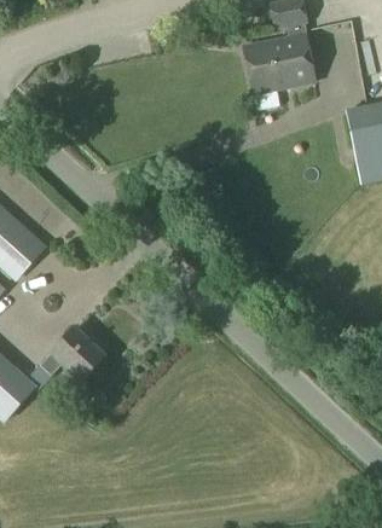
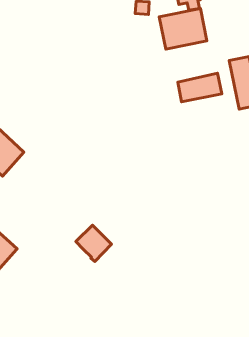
building: none -> [178,73,222,102]
building: [52,326,104,379] -> [76,225,111,261]

